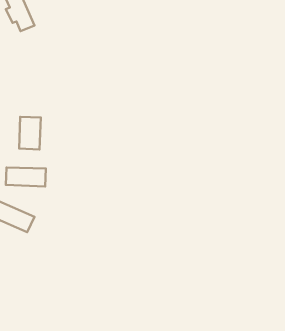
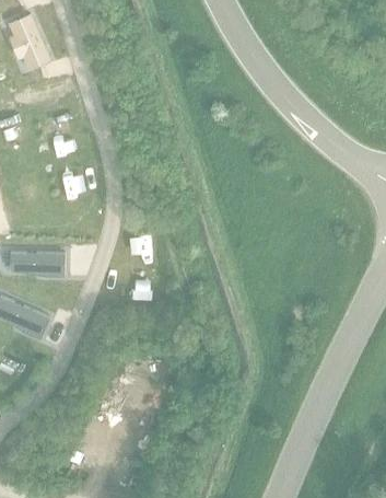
building: [19,117,41,149] -> none

